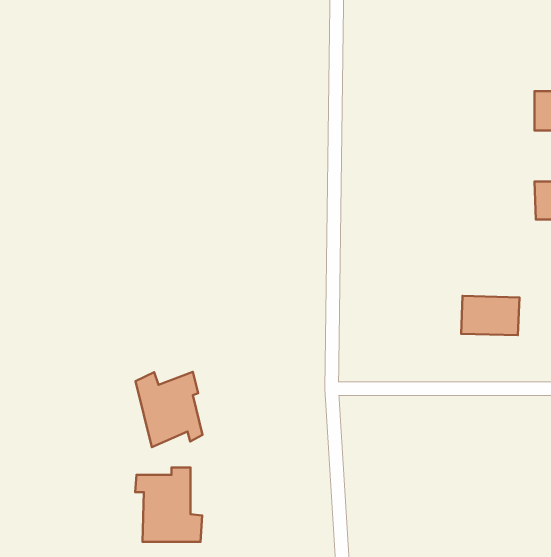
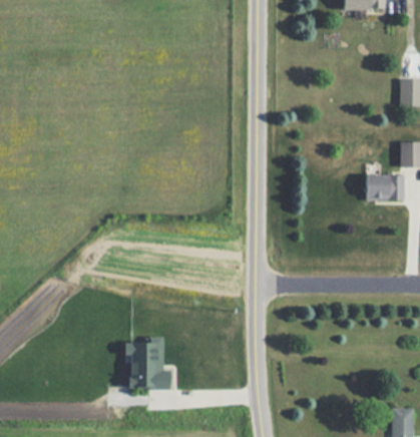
building: [461,296,519,335] -> [364,174,404,201]
building: [135,372,203,447] -> none

